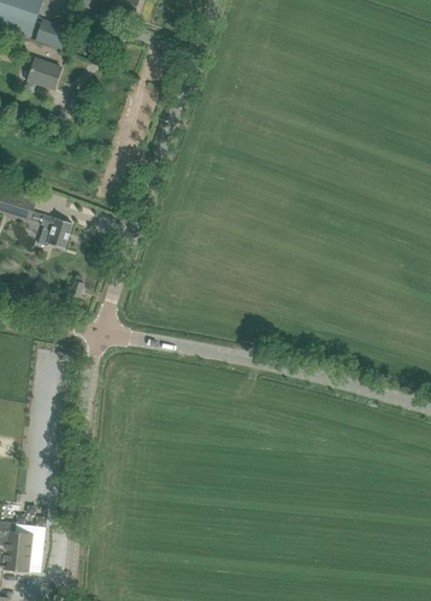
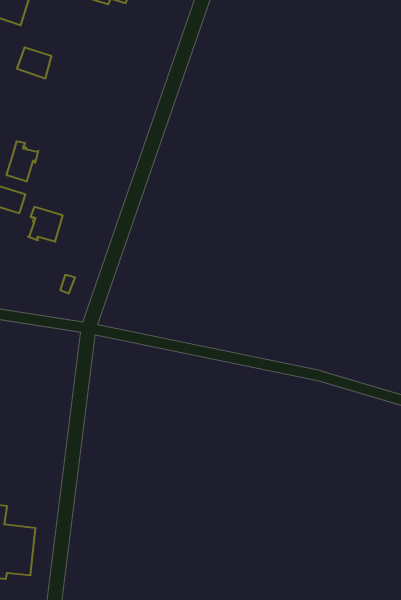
building: [35,18,67,48] -> none
building: none -> [7,141,38,182]

